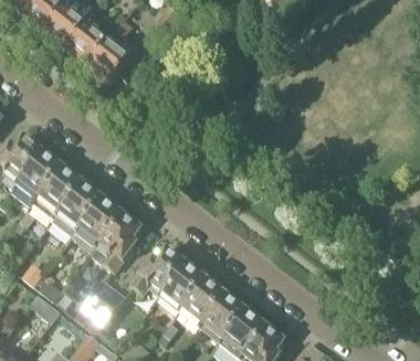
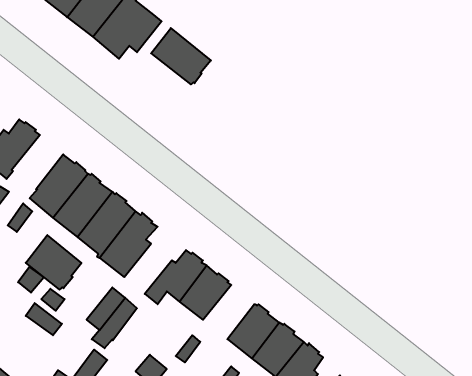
building: none -> [151,28,211,84]
building: [17,149,61,195] -> none
building: none -> [26,235,81,290]
building: [180,277,224,323] -> none

